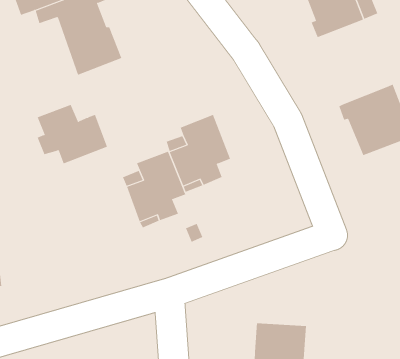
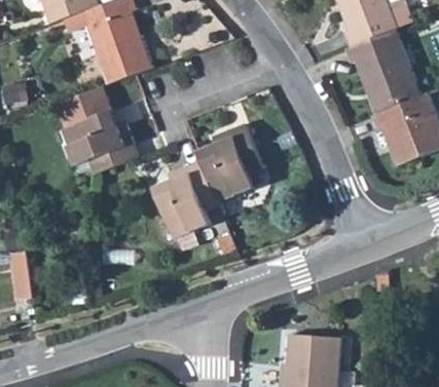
building: none -> [345,29,420,113]
building: none -> [56,86,118,147]

